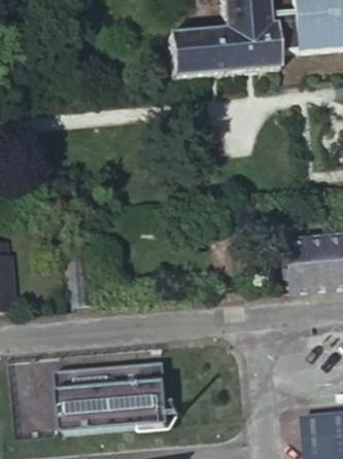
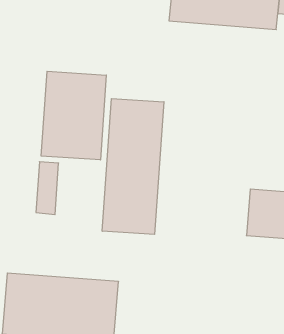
building: none -> [41,71,106,160]
building: none -> [102,99,164,234]

